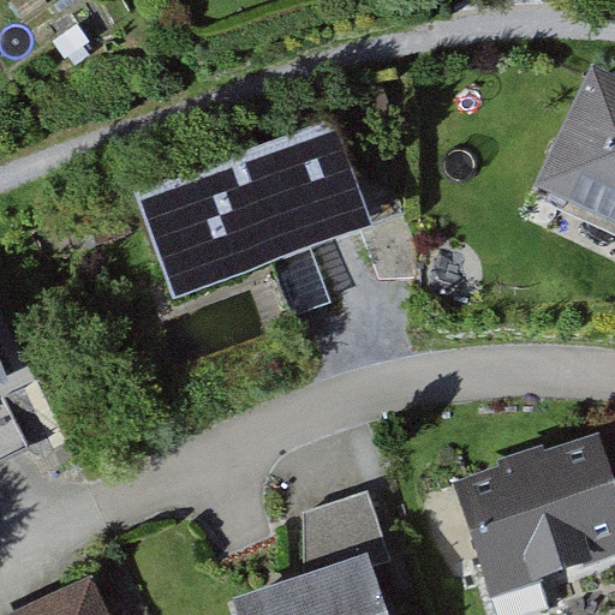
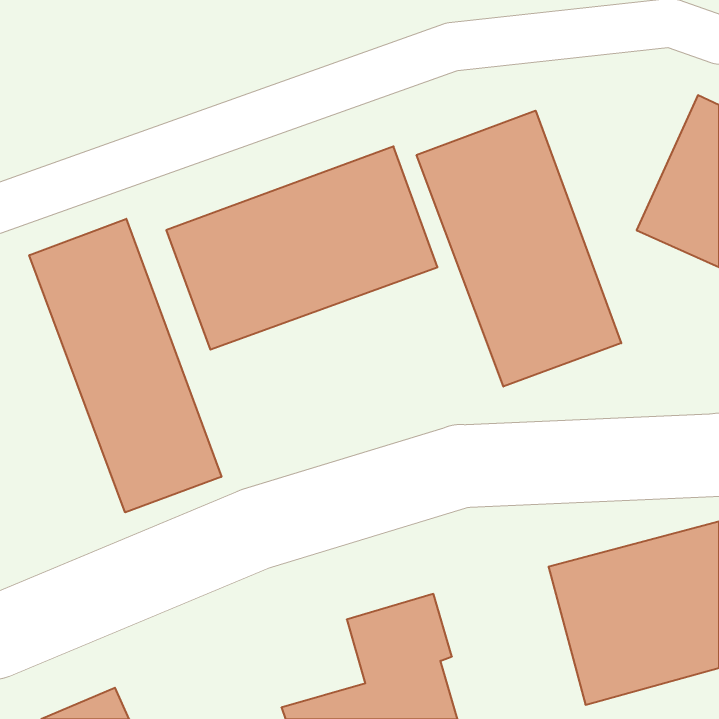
building: none -> [417,111,621,387]
building: none -> [29,219,221,512]

